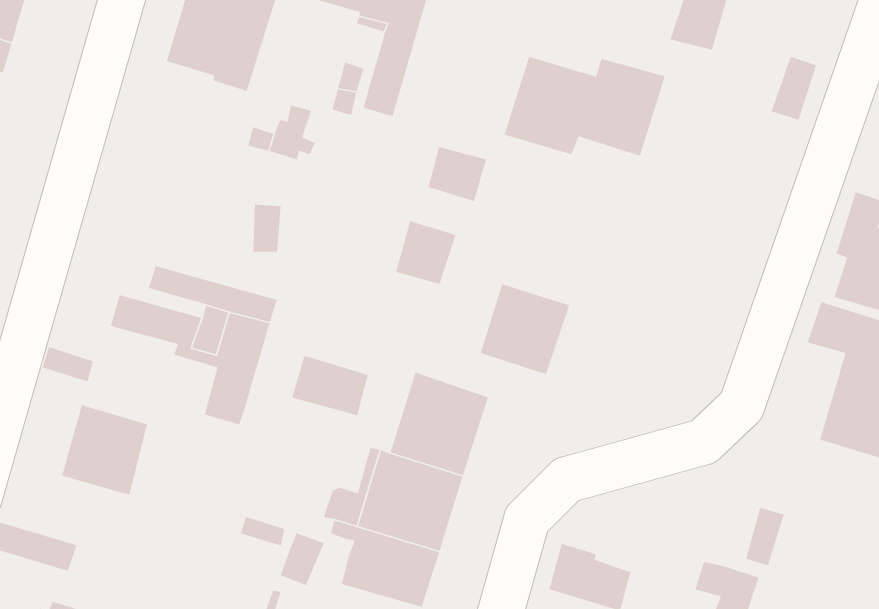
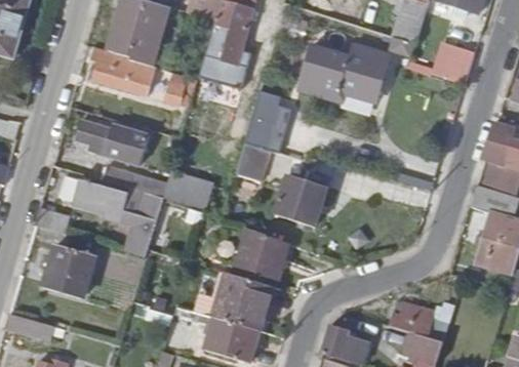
building: none -> [88,48,148,94]
building: none -> [75,122,150,165]
building: [291,355,369,416] -> [168,172,212,207]
building: none -> [387,301,431,336]

